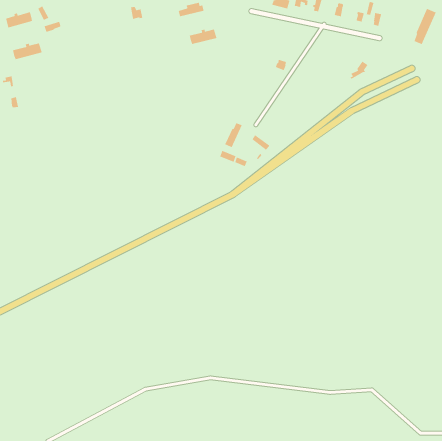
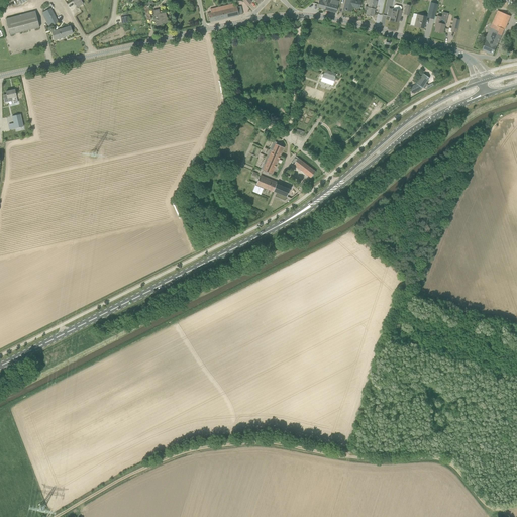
building: [189,29,217,45] -> none
building: [12,42,43,60] -> none

